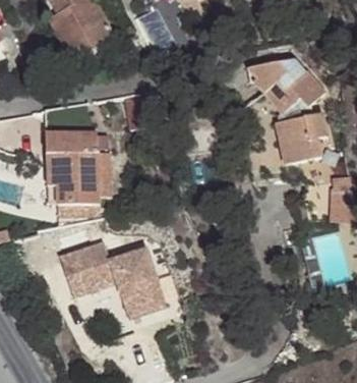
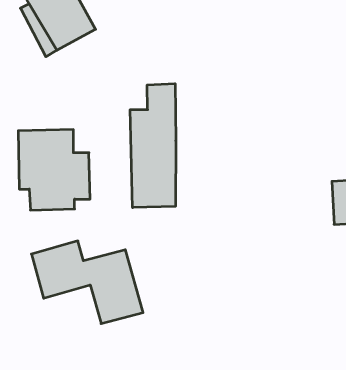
building: [246,59,323,165] -> none
building: none -> [130,84,176,208]

